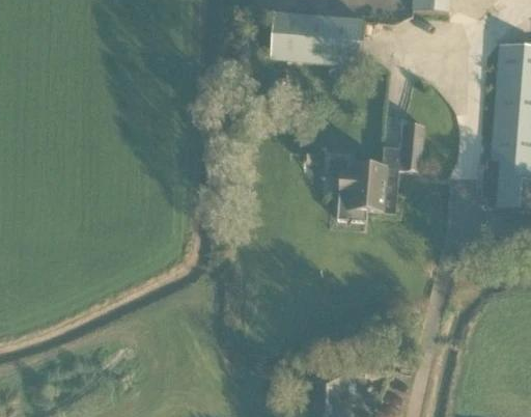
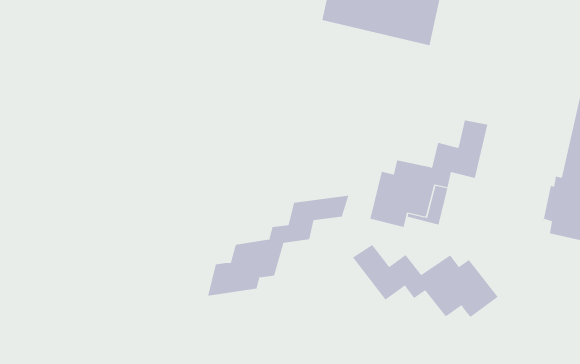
building: none -> [208,195,349,296]
building: none -> [352,244,499,318]

